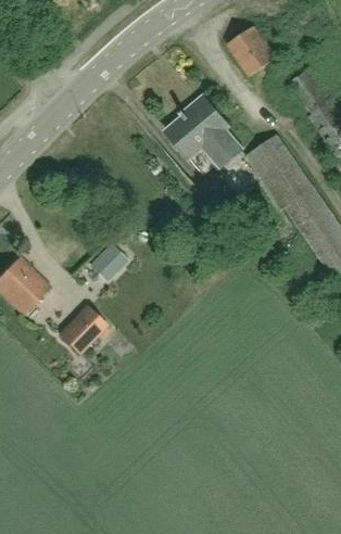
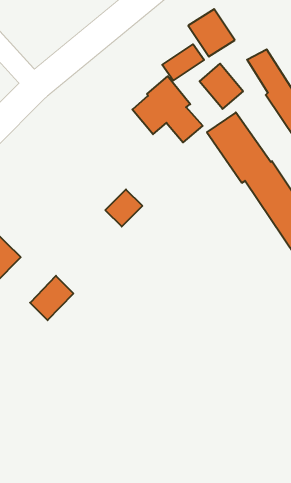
building: none -> [162,44,204,80]
building: none -> [200,64,243,109]
building: [88,242,127,281] -> [105,189,142,227]

